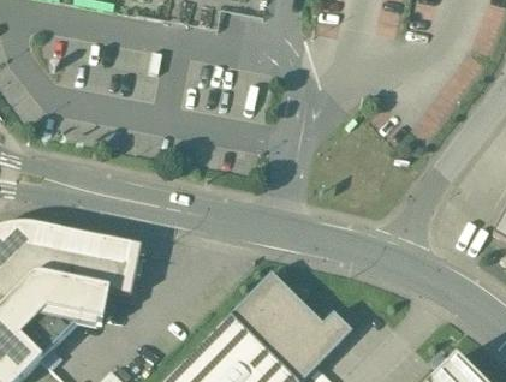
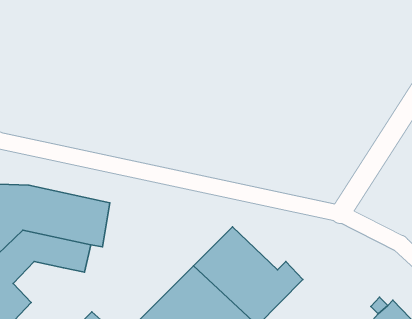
building: [20,310,78,357] -> none

